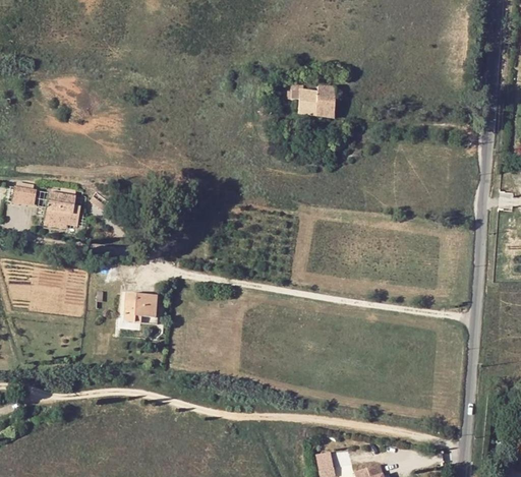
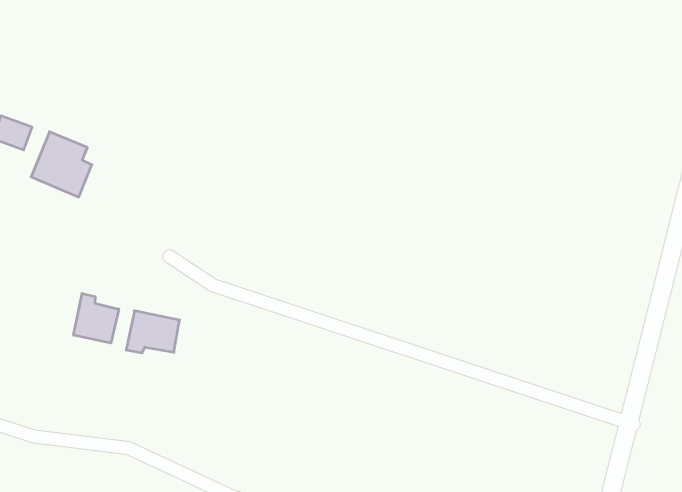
building: [288,82,334,119] -> none
building: none -> [74,293,119,343]

